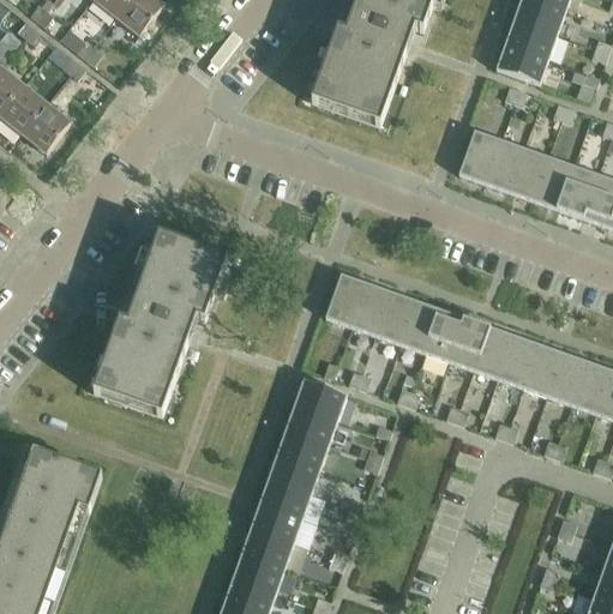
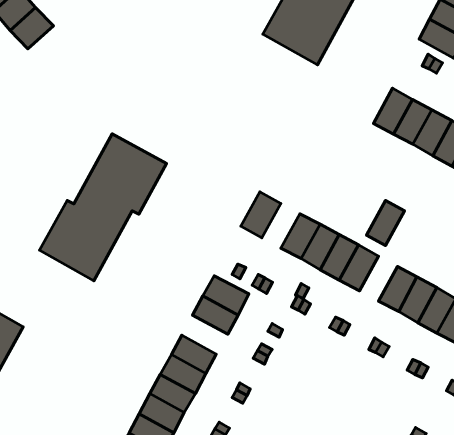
building: [350,283,390,335] -> none
building: [473,326,512,378] -> [366,201,405,245]
building: [276,428,329,469] -> none

